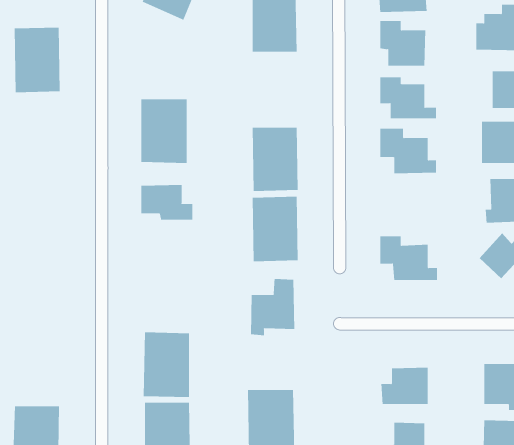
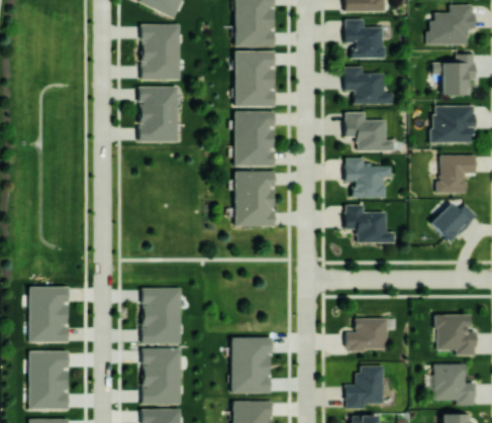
building: [14,27,61,93] -> [140,24,181,81]
building: none -> [234,50,275,107]
building: none -> [345,157,392,198]
building: [141,184,193,221] -> none
building: [251,278,295,336] -> none
building: none -> [28,287,69,343]

